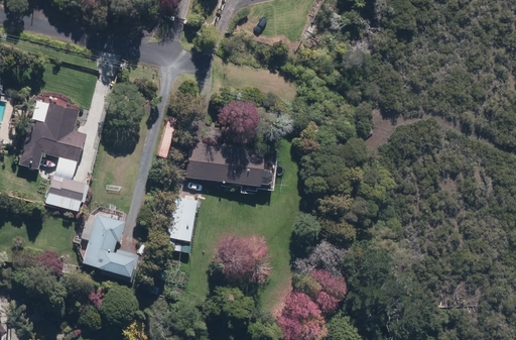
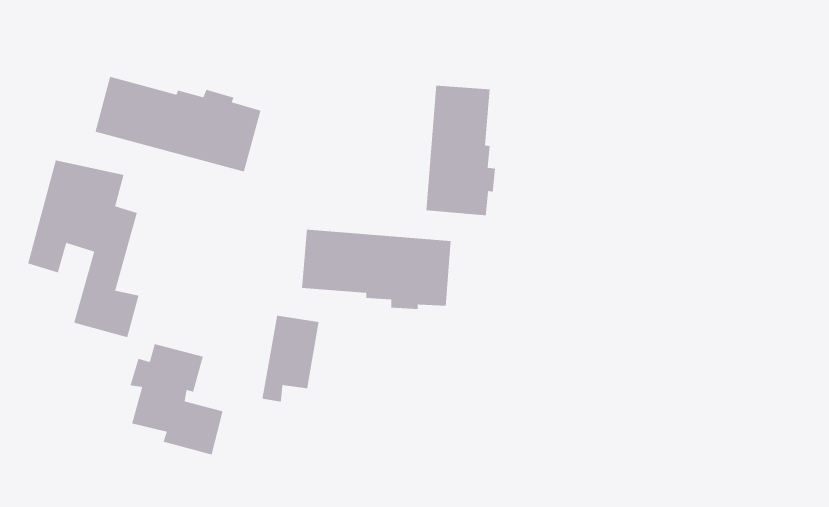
building: none -> [95,76,262,173]
building: none -> [425,85,496,216]

